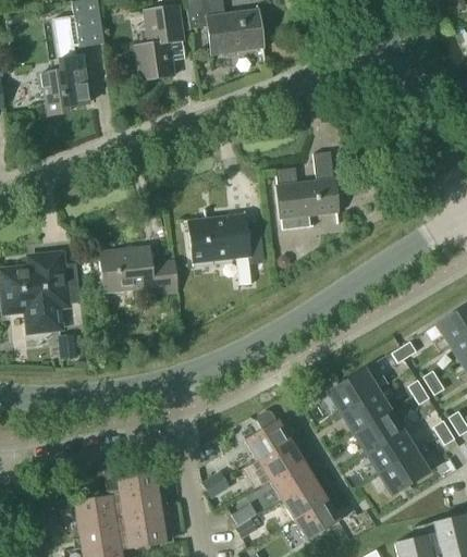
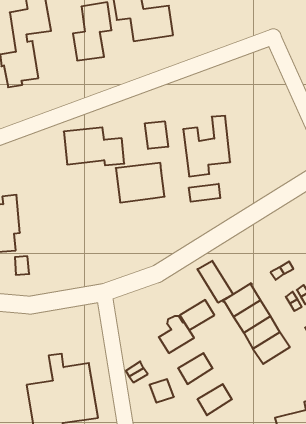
building: none -> [145,121,168,149]
building: none -> [189,184,220,202]
building: [101,245,180,294] -> [64,127,124,165]
building: none -> [197,261,233,303]
building: [258,438,303,478] -> [180,300,214,330]
building: [380,450,429,494] -> none
building: [282,478,328,518] -> none

